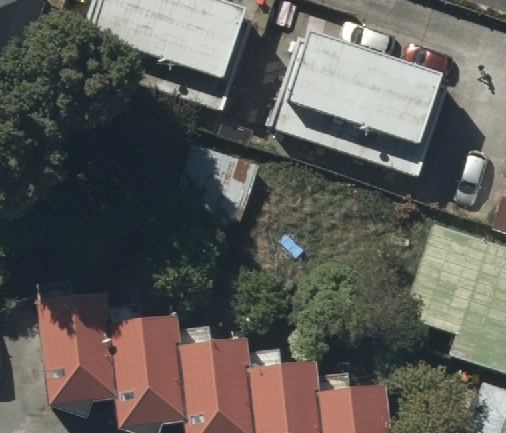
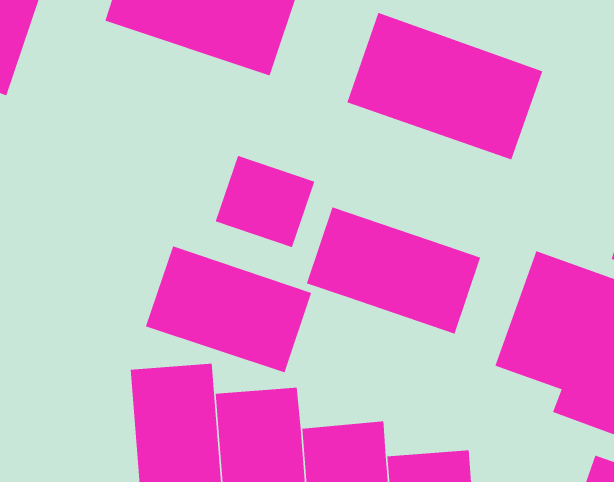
building: none -> [306,207,481,334]
building: none -> [145,245,312,373]
building: [42,287,117,399] -> none

